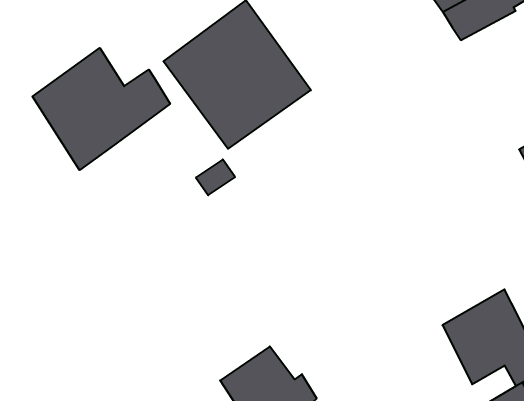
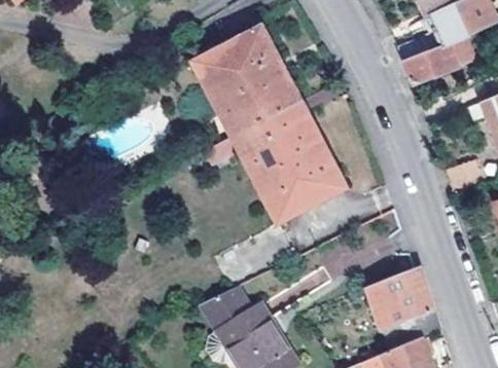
building: [32,48,170,170] -> none
building: none -> [232,100,344,220]

